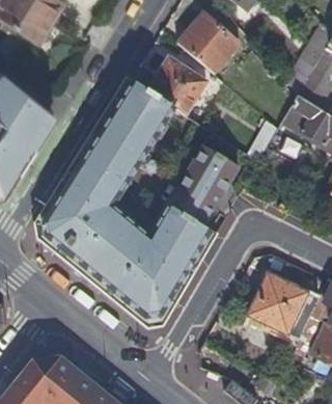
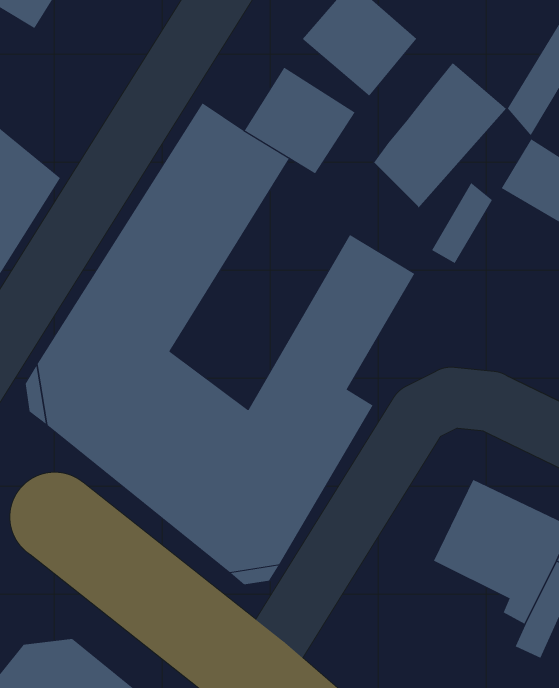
building: none -> [374,62,507,209]

